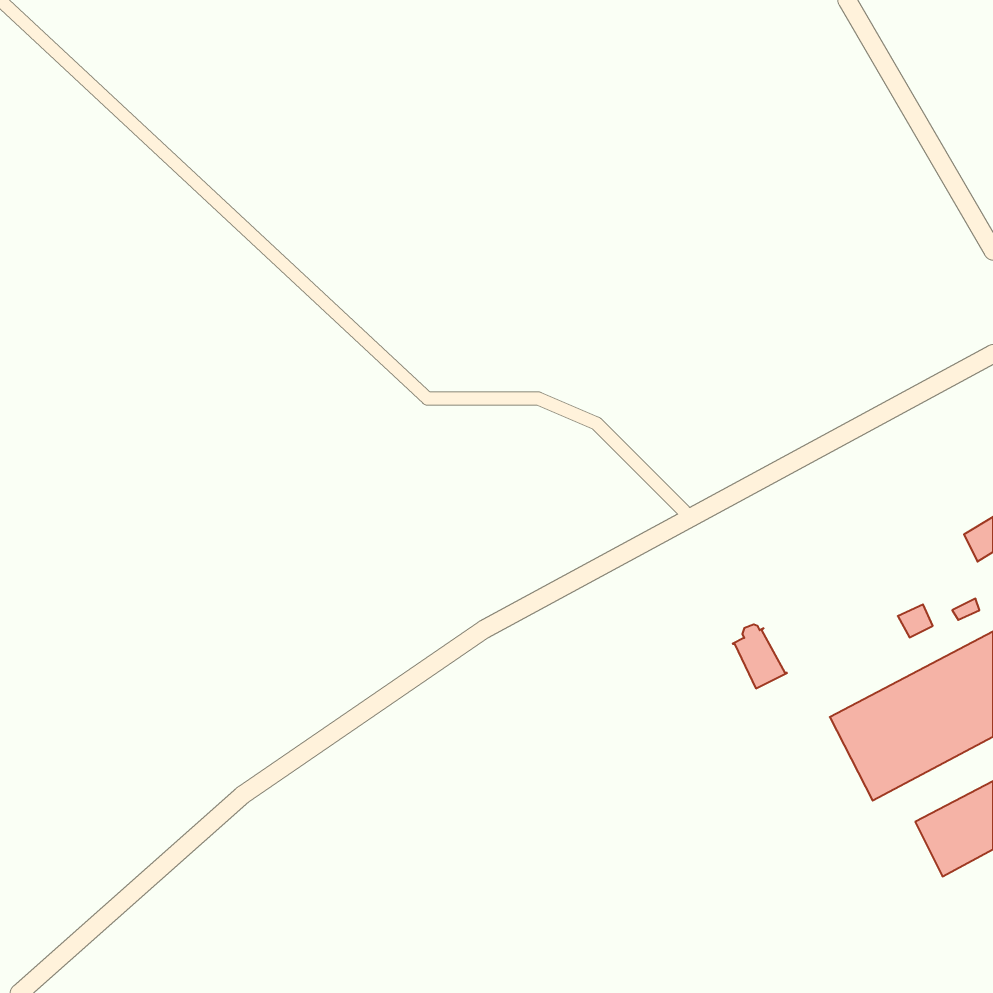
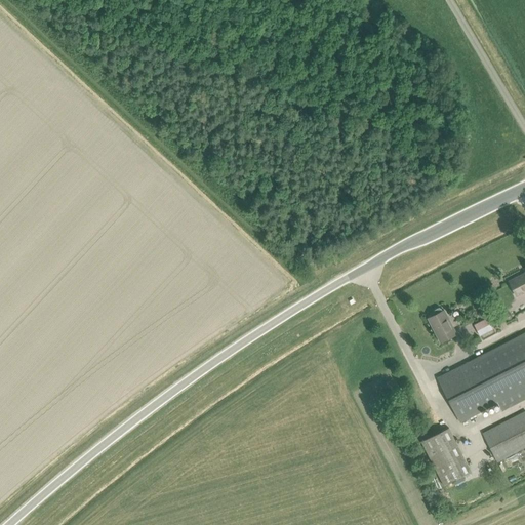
building: [733,624,787,688] -> [428,309,456,342]
building: none -> [421,429,472,487]

